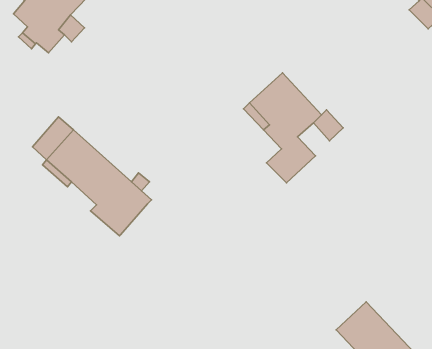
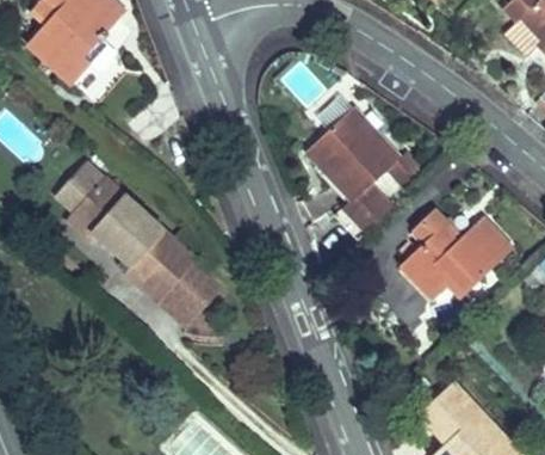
building: none -> [402,210,512,296]
building: none -> [160,264,219,326]

